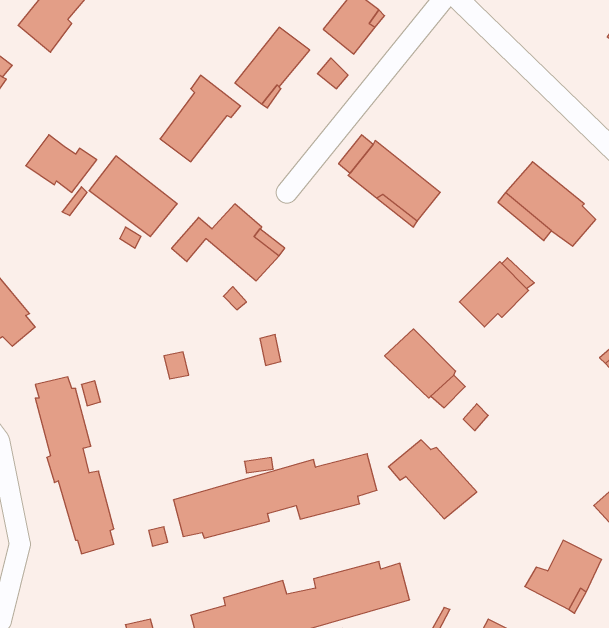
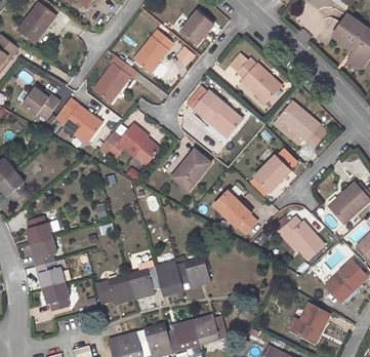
building: none -> [236,60,281,103]
building: none -> [173,150,210,191]
building: [388,440,477,519] -> [278,217,325,260]

